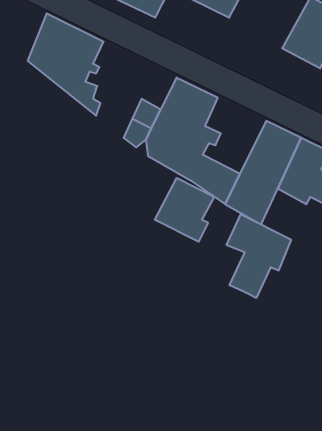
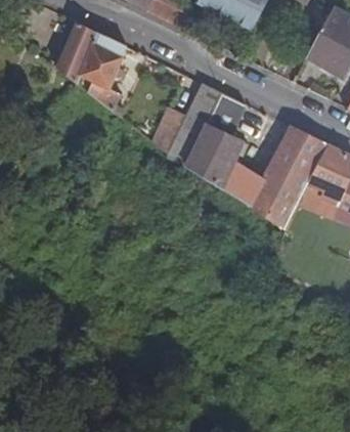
building: [155,178,214,242] -> none
building: [227,214,291,298] -> none

